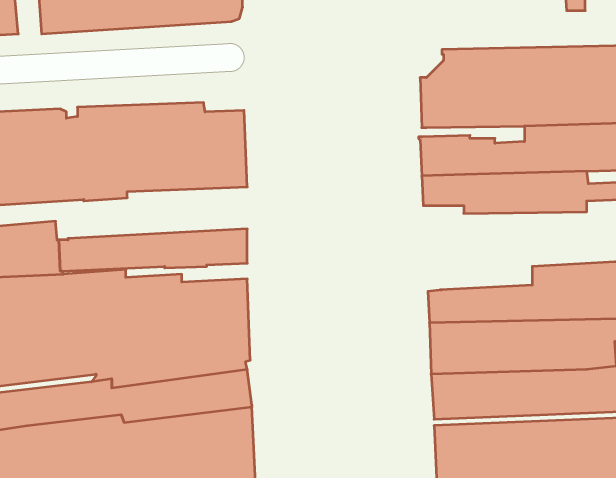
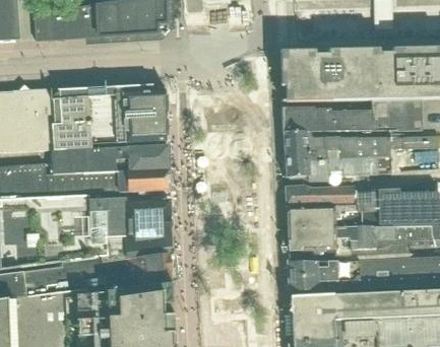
building: none -> [52,144,170,172]
building: none -> [285,151,392,181]
building: none -> [287,185,356,206]

